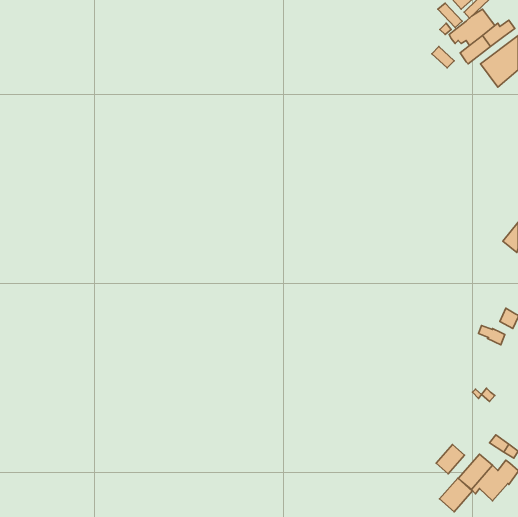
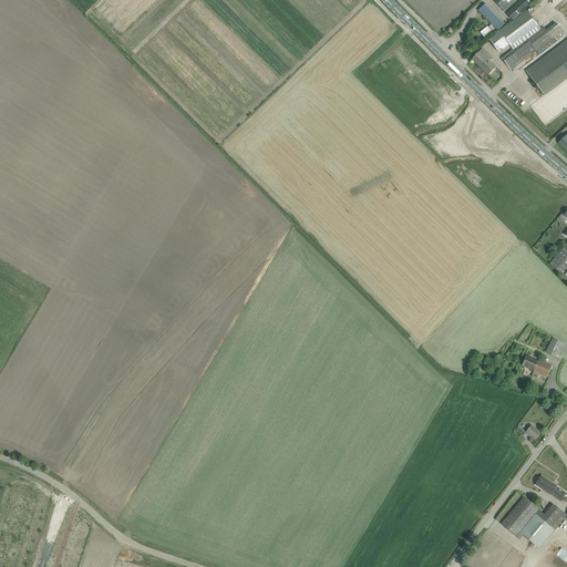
building: [436,444,464,474] -> none
building: [440,478,472,512] -> none

